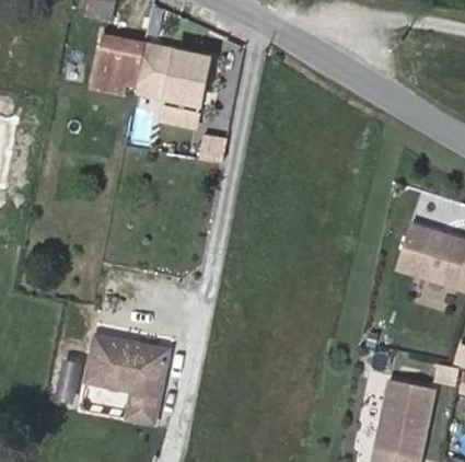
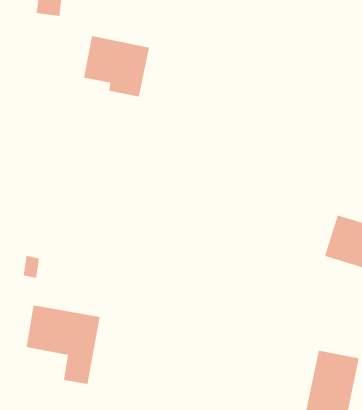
building: [92,32,147,91] -> none

